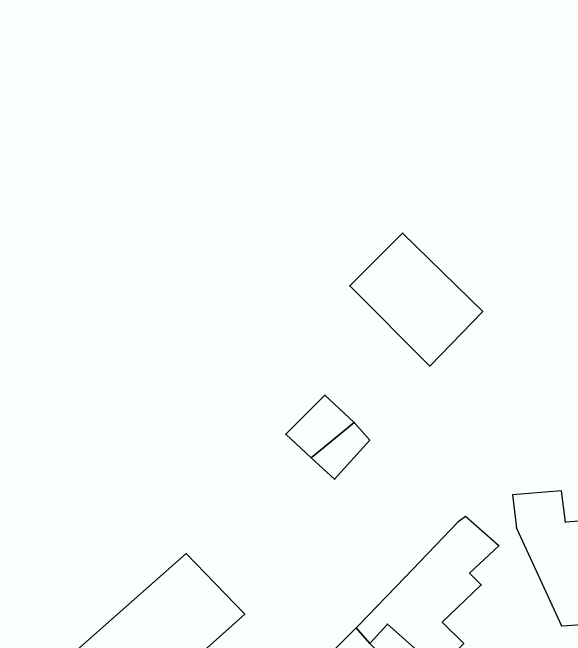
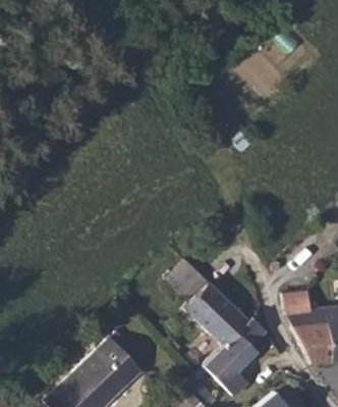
building: [350,233,483,366] -> [185,270,255,340]

